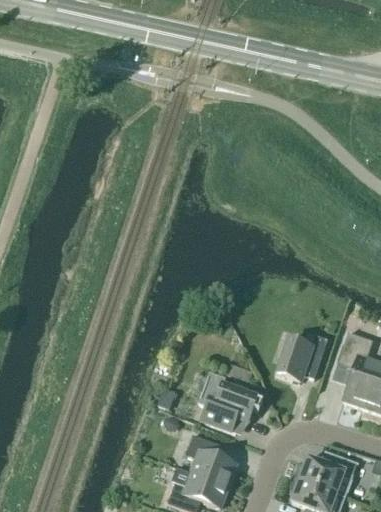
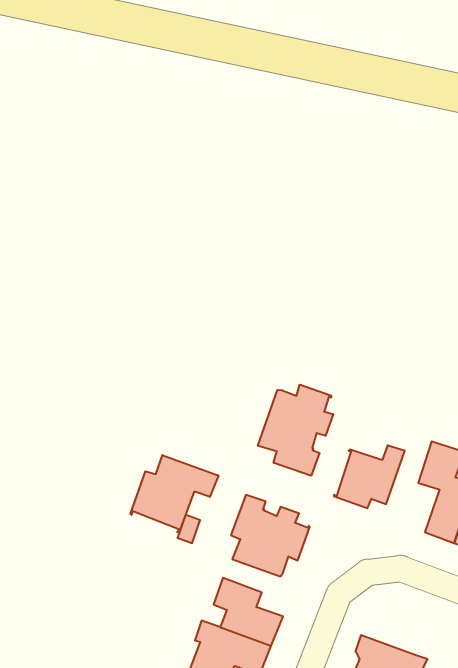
building: none -> [258,385,333,476]
building: none -> [130,455,218,532]
building: [295,451,357,492] -> none

